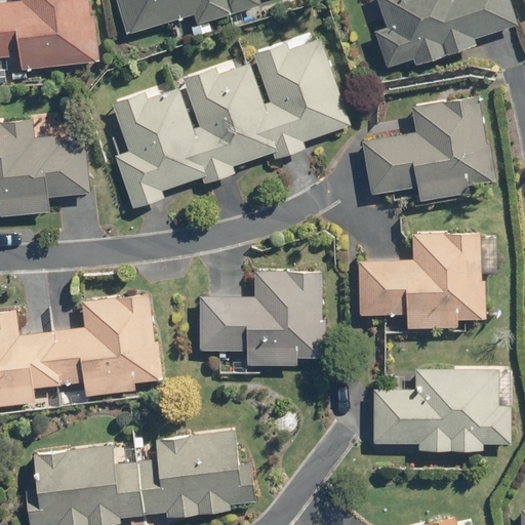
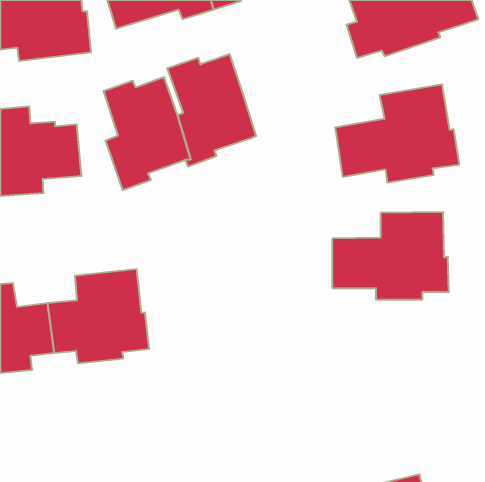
building: [251,38,350,160] -> none
building: [200,271,325,366] -> none
building: [373,368,511,450] -> none
building: [129,419,247,509] -> none
building: [12,430,129,517] -> none

